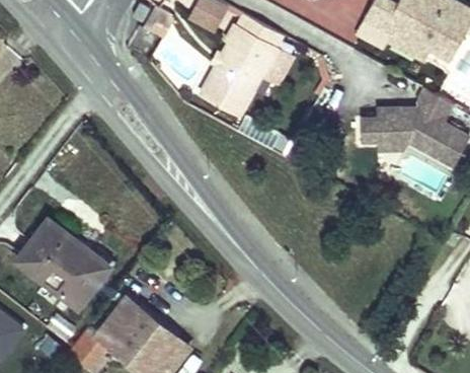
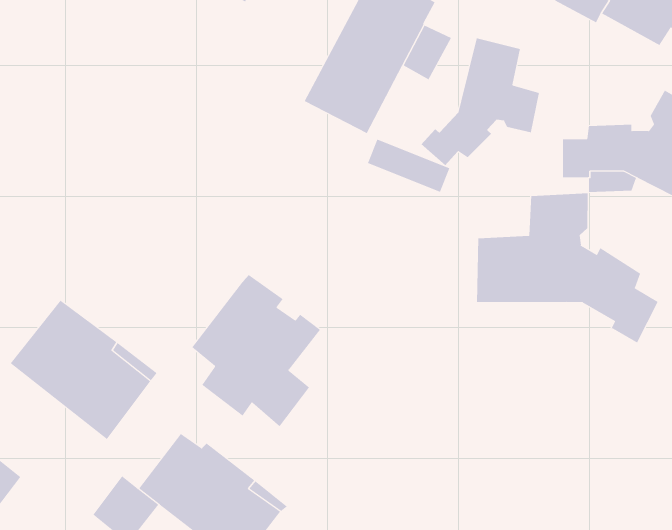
building: none -> [420,38,539,166]
building: none -> [477,192,658,344]
building: none -> [191,274,321,427]

